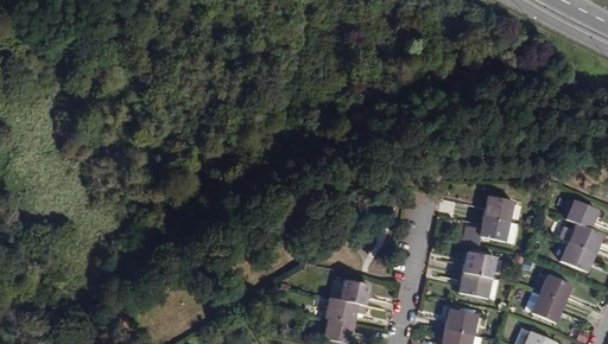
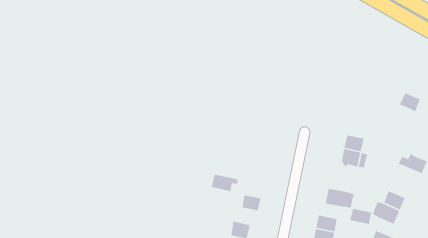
building: [566,199,597,228] -> [399,92,421,113]
building: [562,241,595,270] -> none
building: [463,253,495,276] -> [349,208,372,225]
building: [325,297,365,323] -> [211,174,239,192]

